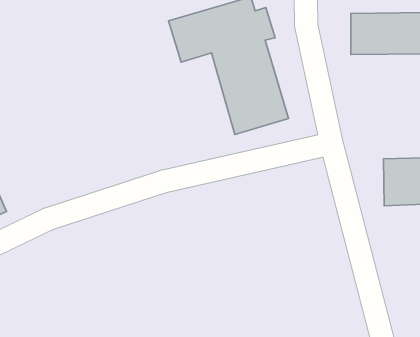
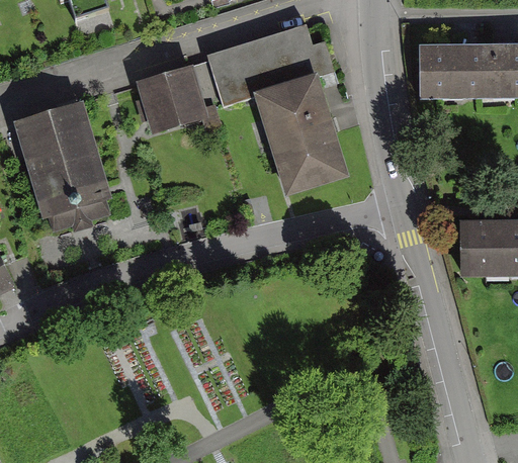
building: none -> [138,71,205,135]
building: none -> [14,103,104,230]

